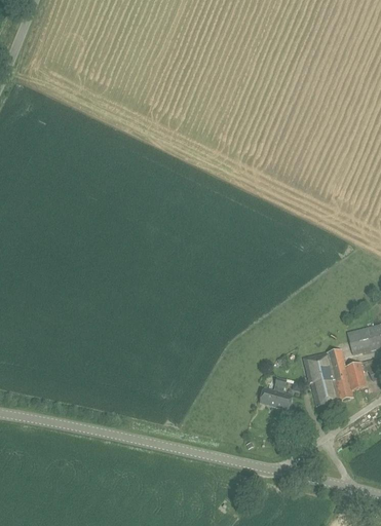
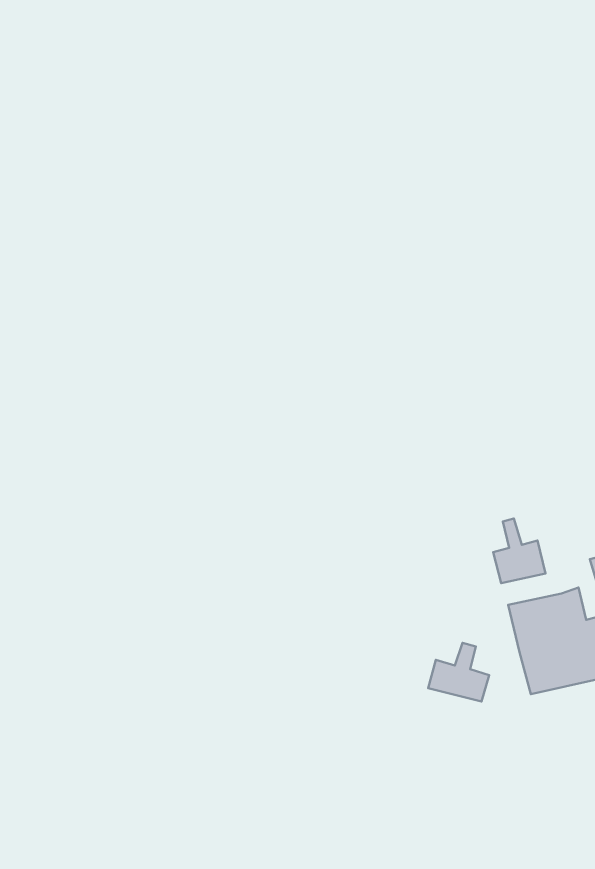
building: none -> [493,518,545,583]

